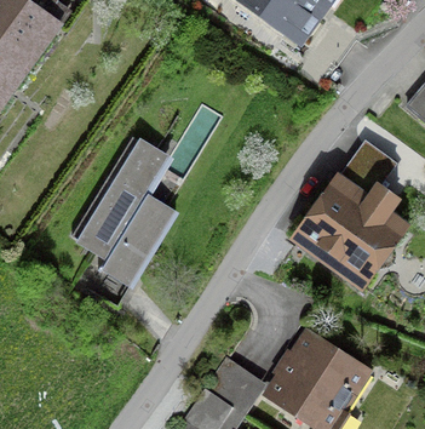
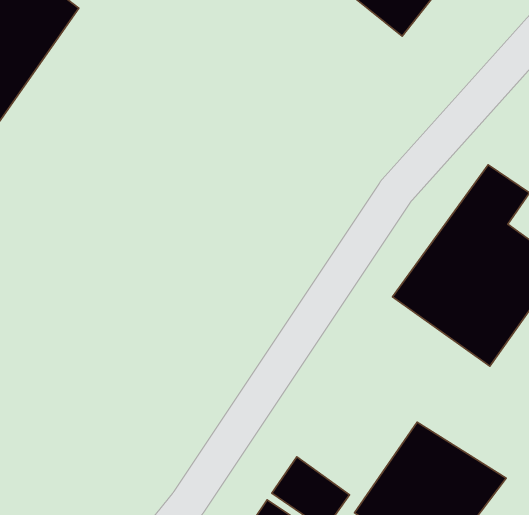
building: [68,133,173,287] -> none

